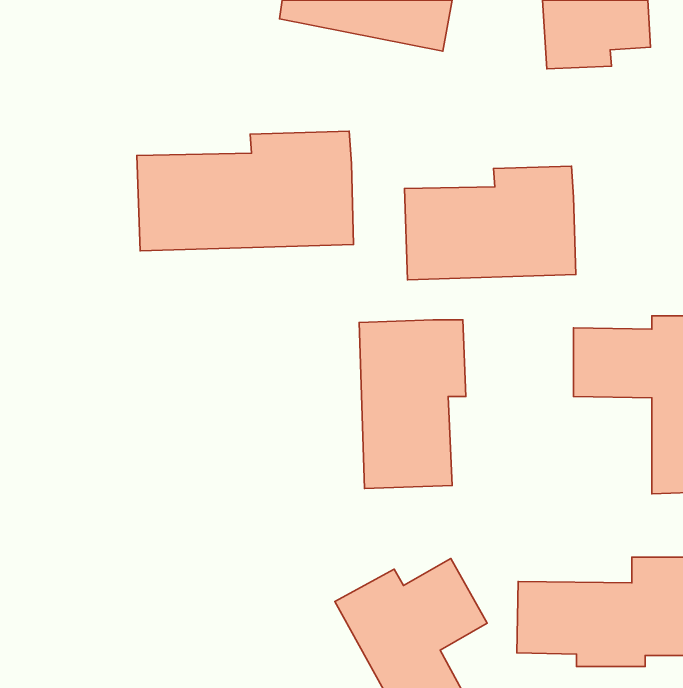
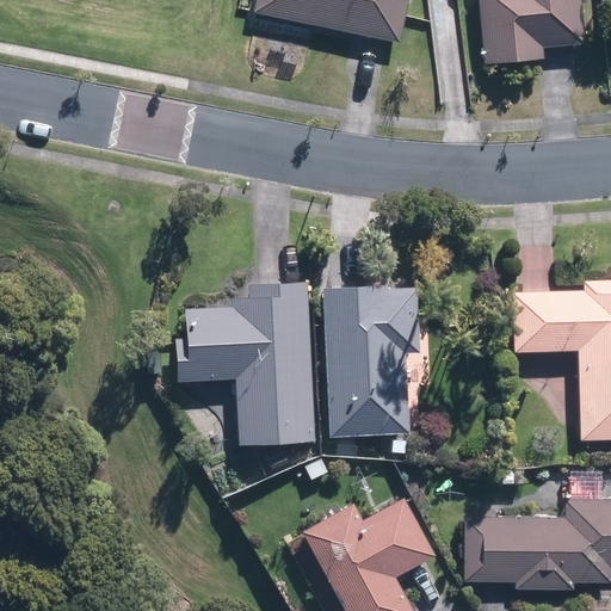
building: [137,131,354,251] -> none
building: [404,166,576,280] -> none
building: none -> [173,284,314,443]

